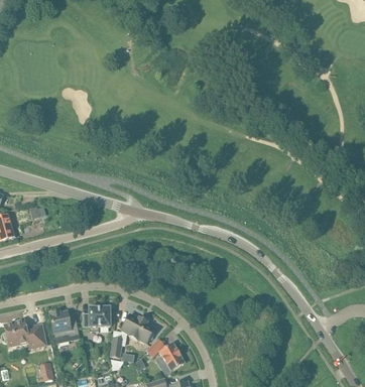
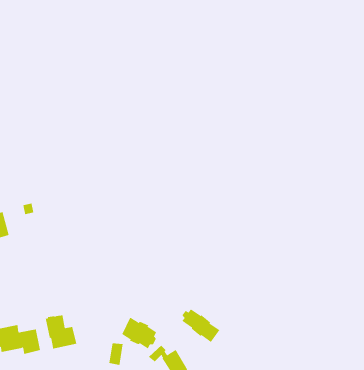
building: [82,304,111,331] -> none
building: none -> [182,309,220,343]

